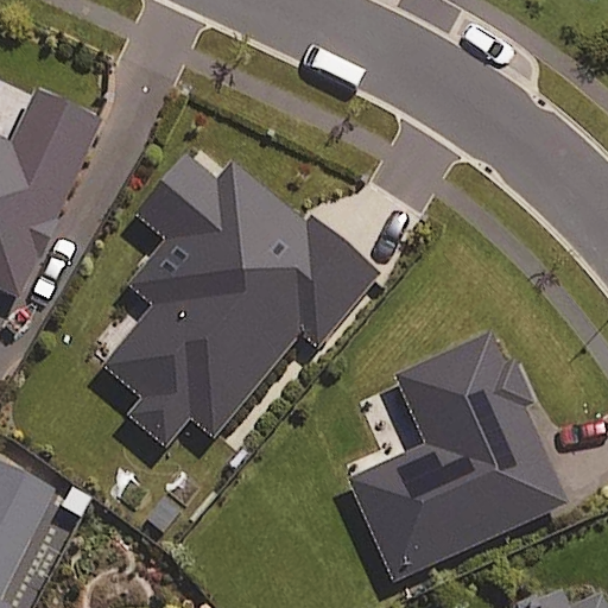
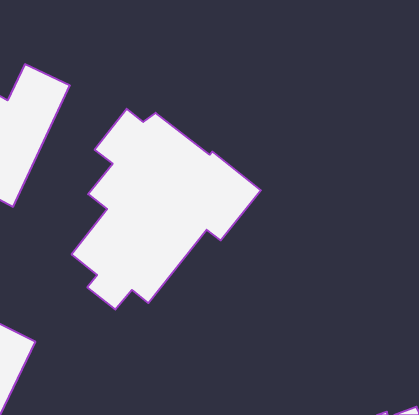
building: [353,332,564,576] -> none

